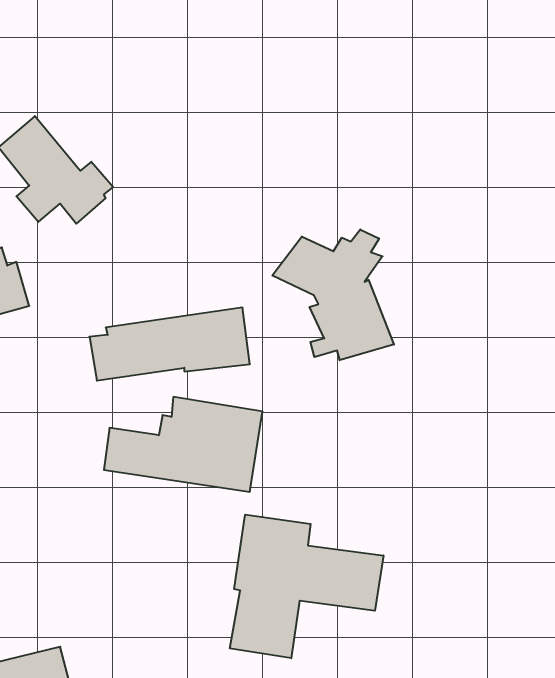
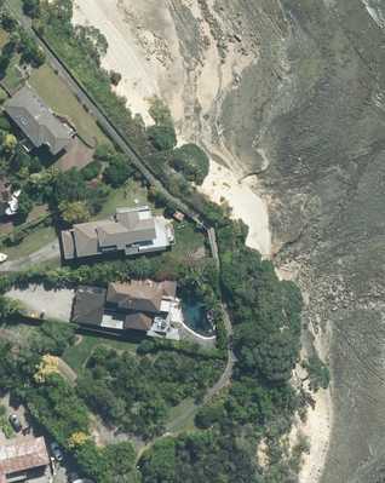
building: [272,229,394,360] -> none
building: [230,515,383,658] -> none

